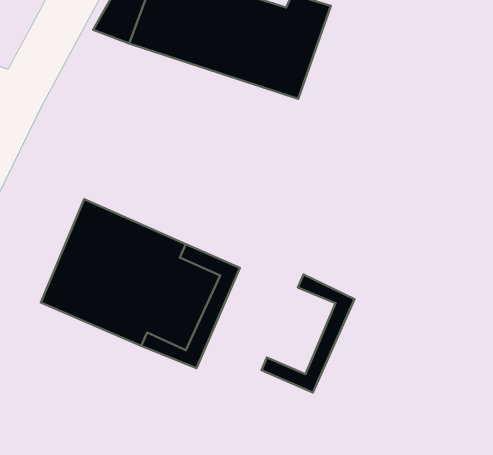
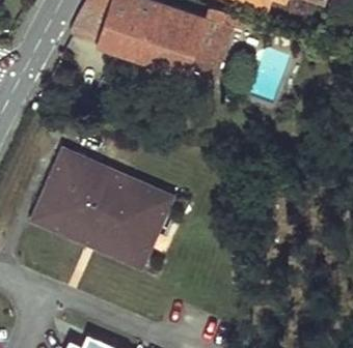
building: [261,275,355,393] -> none

